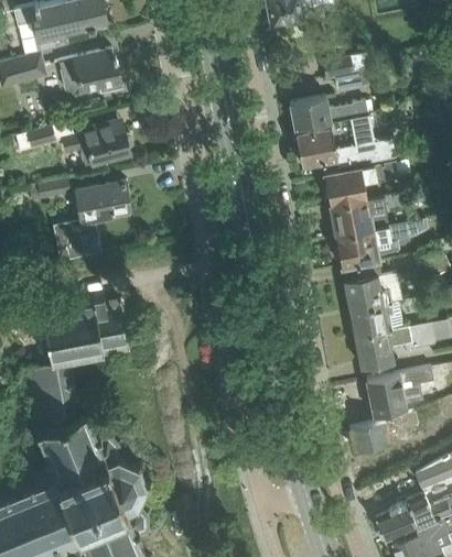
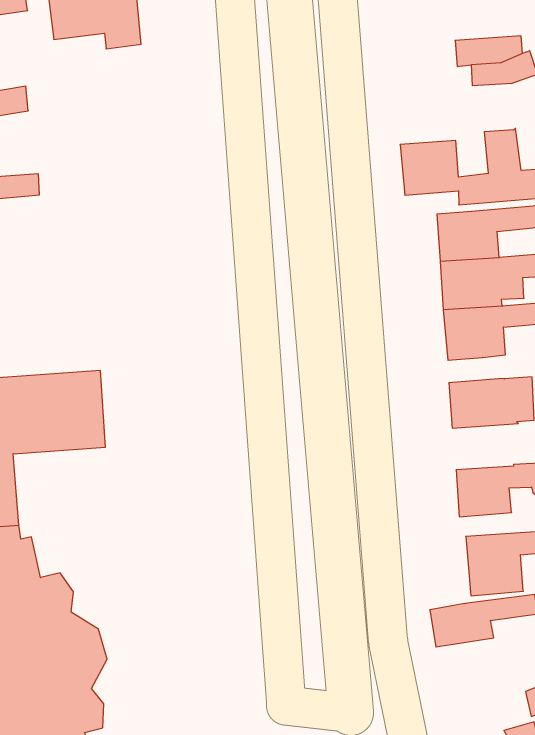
building: [290,96,368,129] -> none
building: [63,122,132,166] -> none
building: [53,181,130,261] -> none
building: [349,303,392,337] -> none

